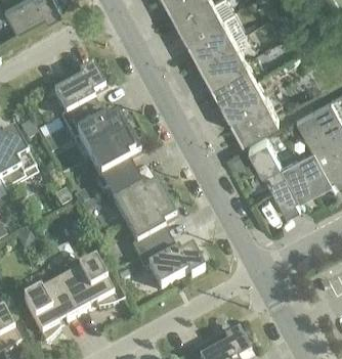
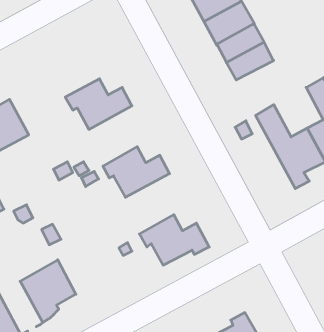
building: [50,64,101,126] -> none
building: [226,90,274,132] -> none
building: [86,134,136,191] -> none
building: [121,198,172,256] -> none
building: [56,261,121,313] -> none

